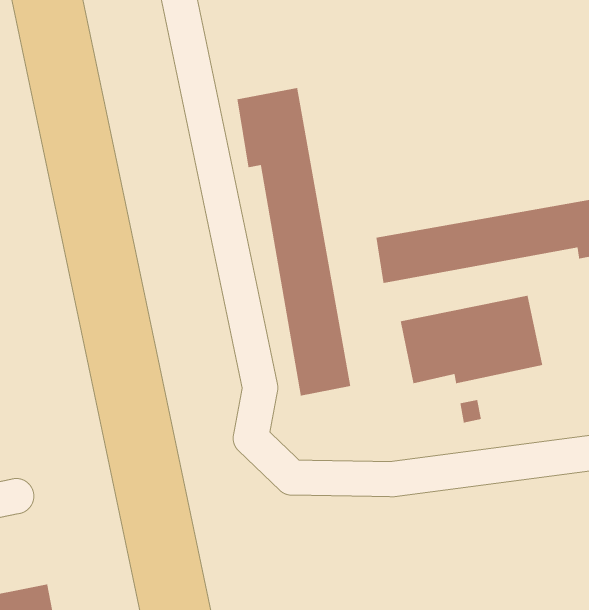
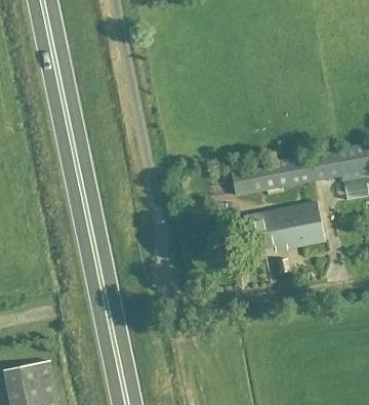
building: [237,87,351,397] -> none

